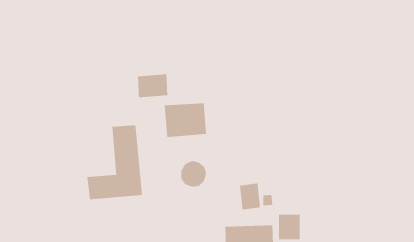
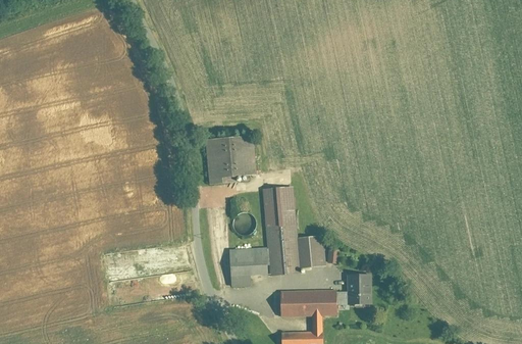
building: [137,73,168,98] -> none
building: [87,125,143,200] -> [229,186,299,279]

